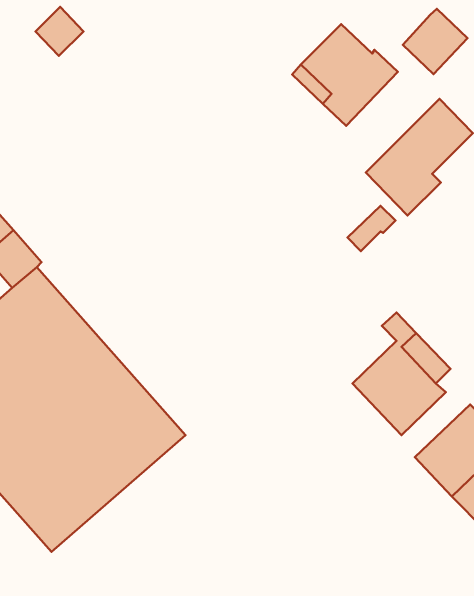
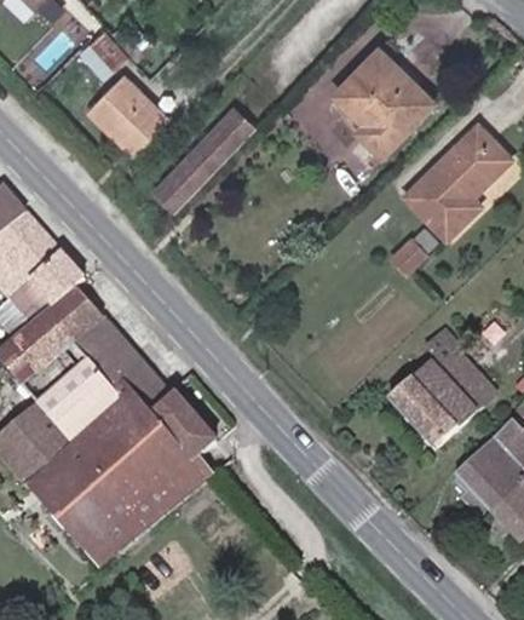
building: [403,9,468,74] -> none
building: none -> [93,73,169,148]
building: none -> [148,104,254,211]

